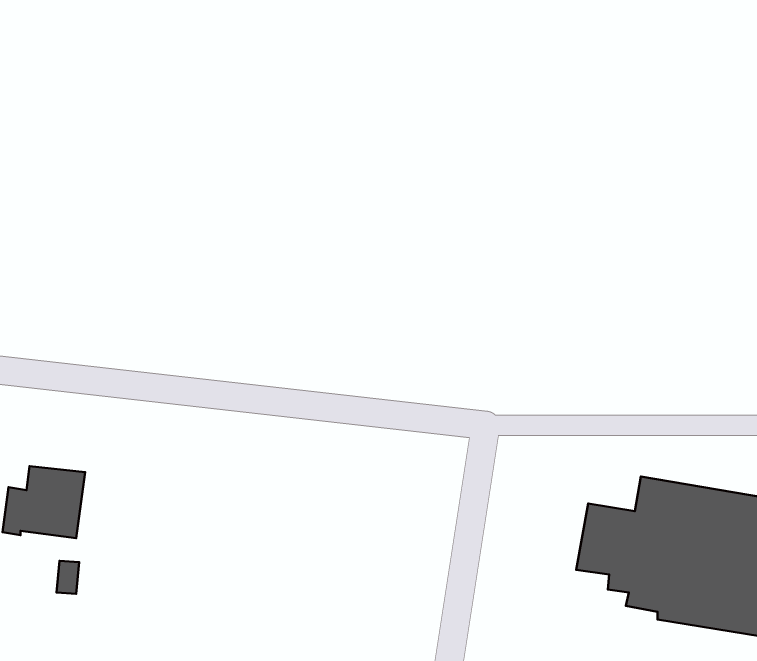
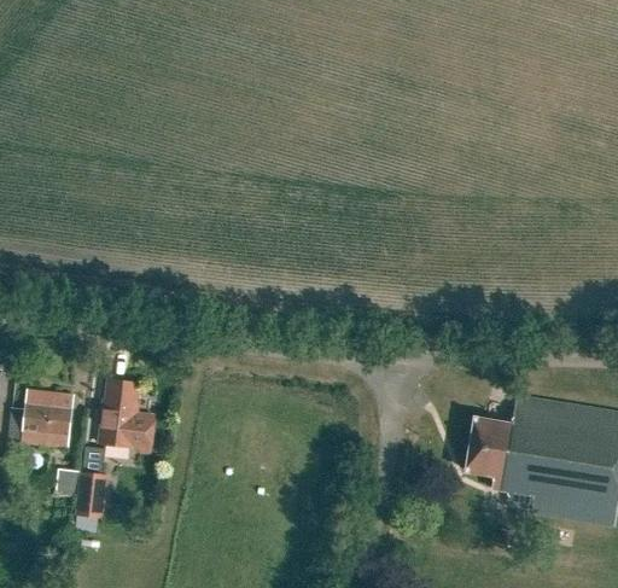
building: none -> [100,378,154,450]
building: none -> [75,471,105,517]

